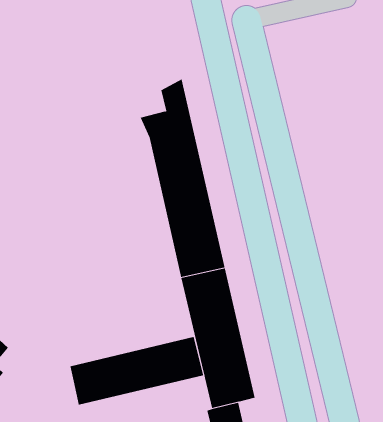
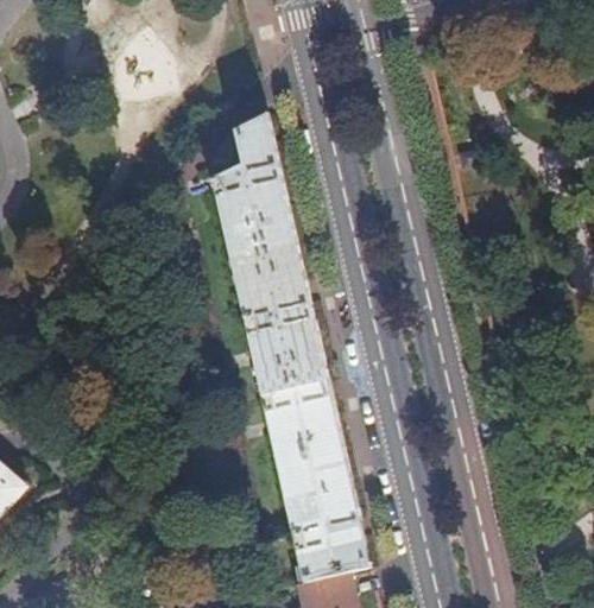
building: [70,336,204,405] -> none

